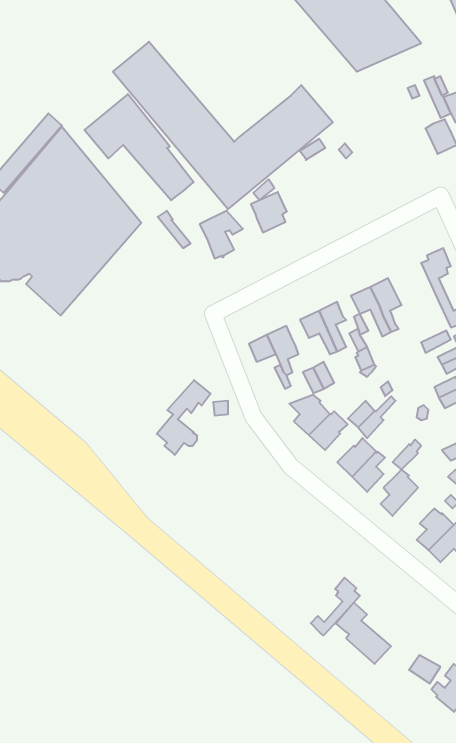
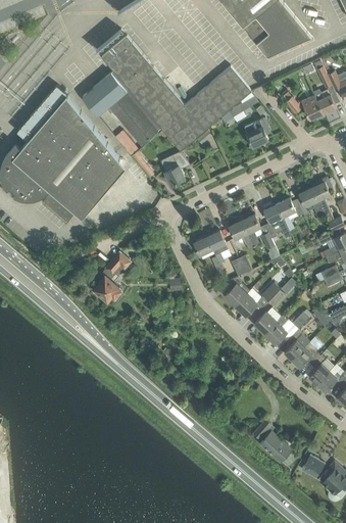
building: none -> [286,96,323,120]
building: [251,192,287,232] -> [244,120,268,147]
building: none -> [299,188,324,218]
building: [157,380,211,455] -> [94,252,131,303]
building: none -> [292,341,319,369]
building: [311,578,360,635] -> none

